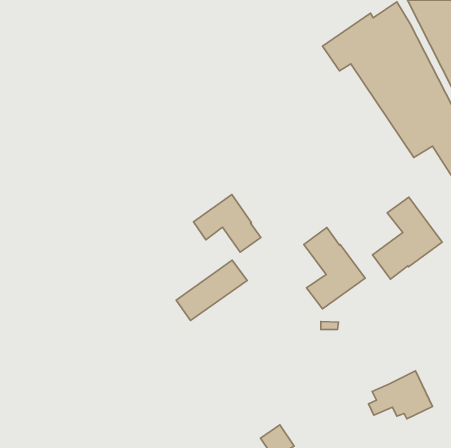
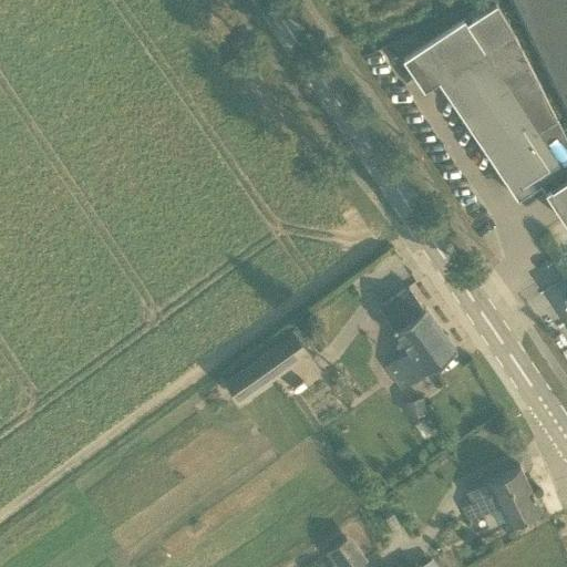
building: [193,195,261,252] -> none
building: [373,197,442,279] -> none

